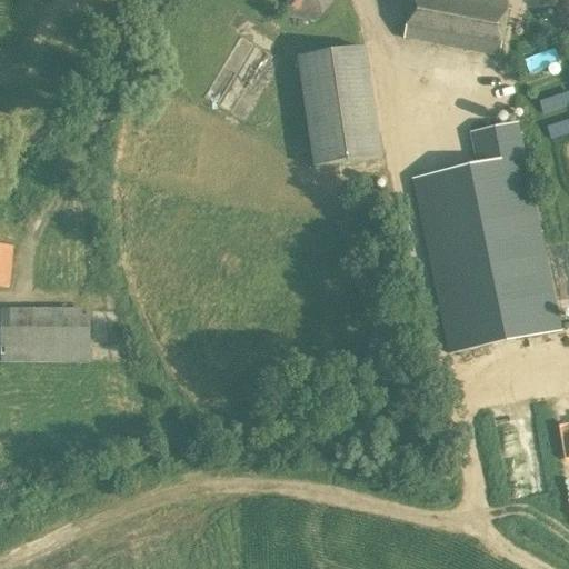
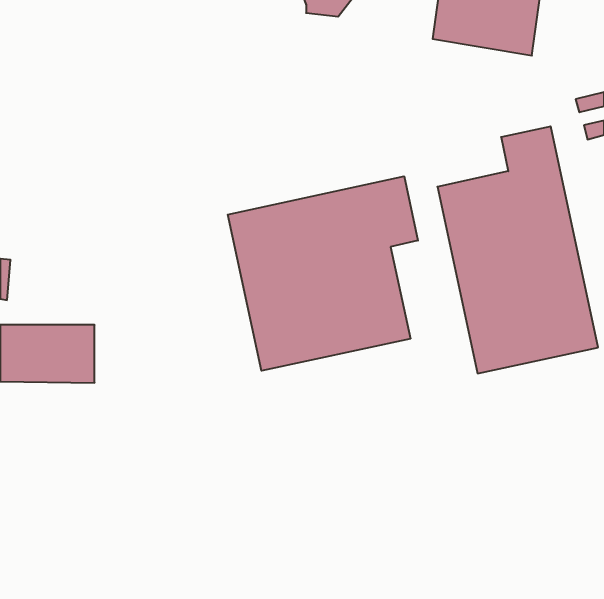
building: [296,43,381,163] -> none
building: none -> [228,176,418,371]

